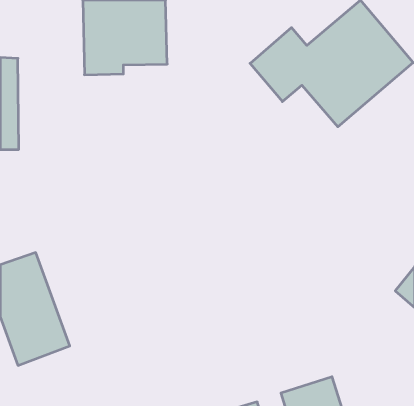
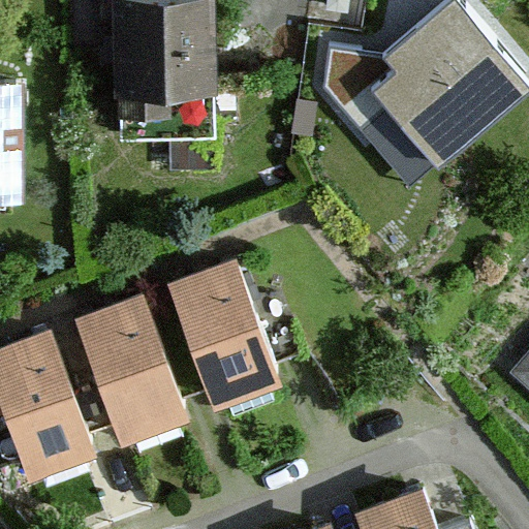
building: none -> [169,257,278,400]
building: none -> [72,294,185,440]

